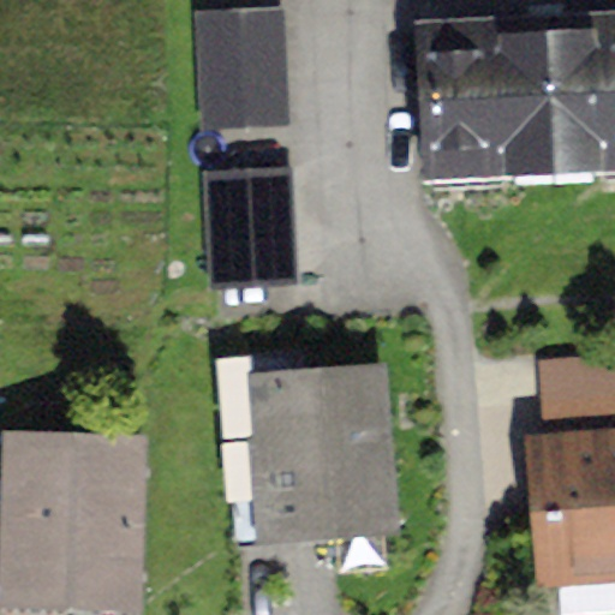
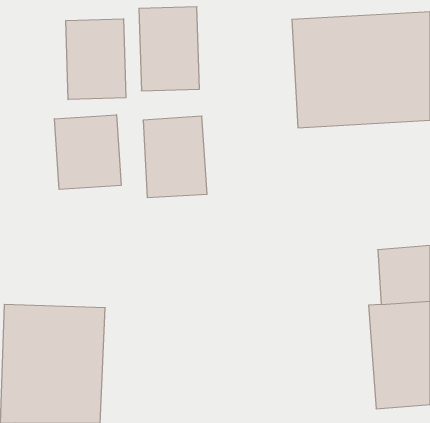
building: none -> [66,19,126,100]
building: none -> [54,115,121,189]
building: [222,347,399,544] -> none

